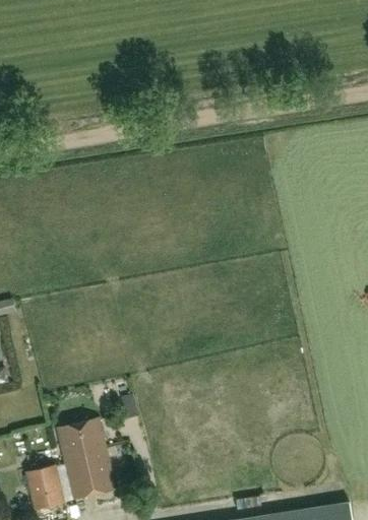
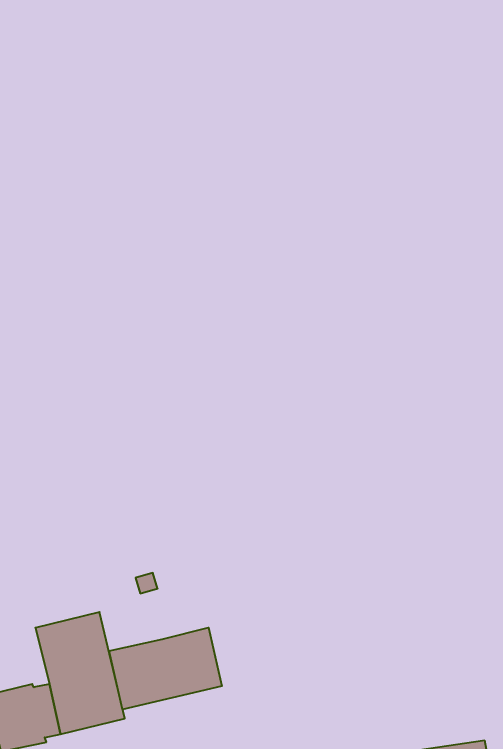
building: none -> [109,628,222,710]

